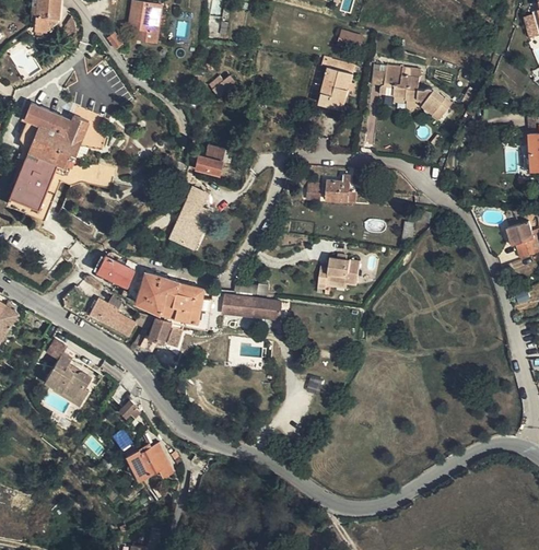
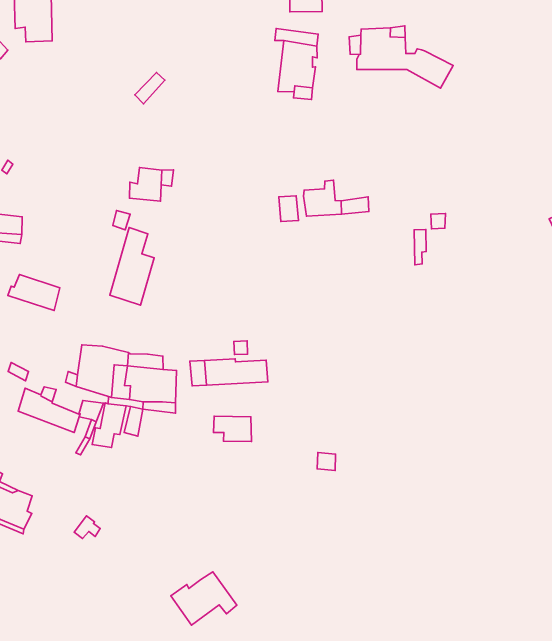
building: [94,256,133,286] -> [8,275,60,311]
building: [317,258,359,295] -> none
building: [126,442,174,479] -> [171,572,237,625]

